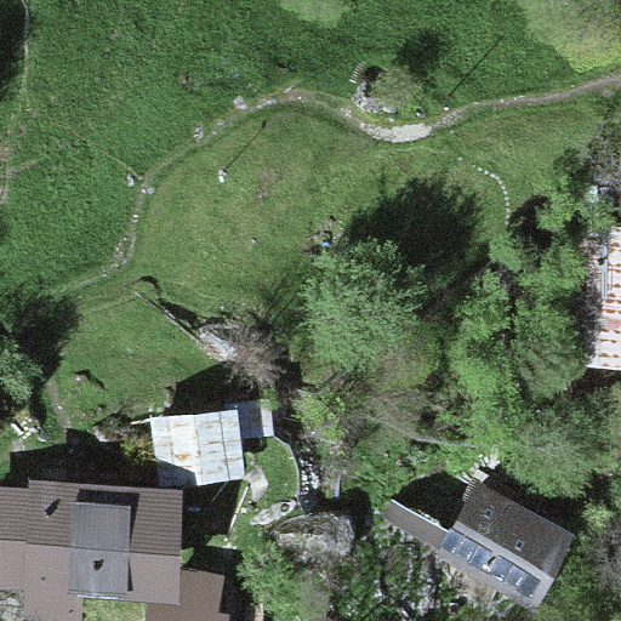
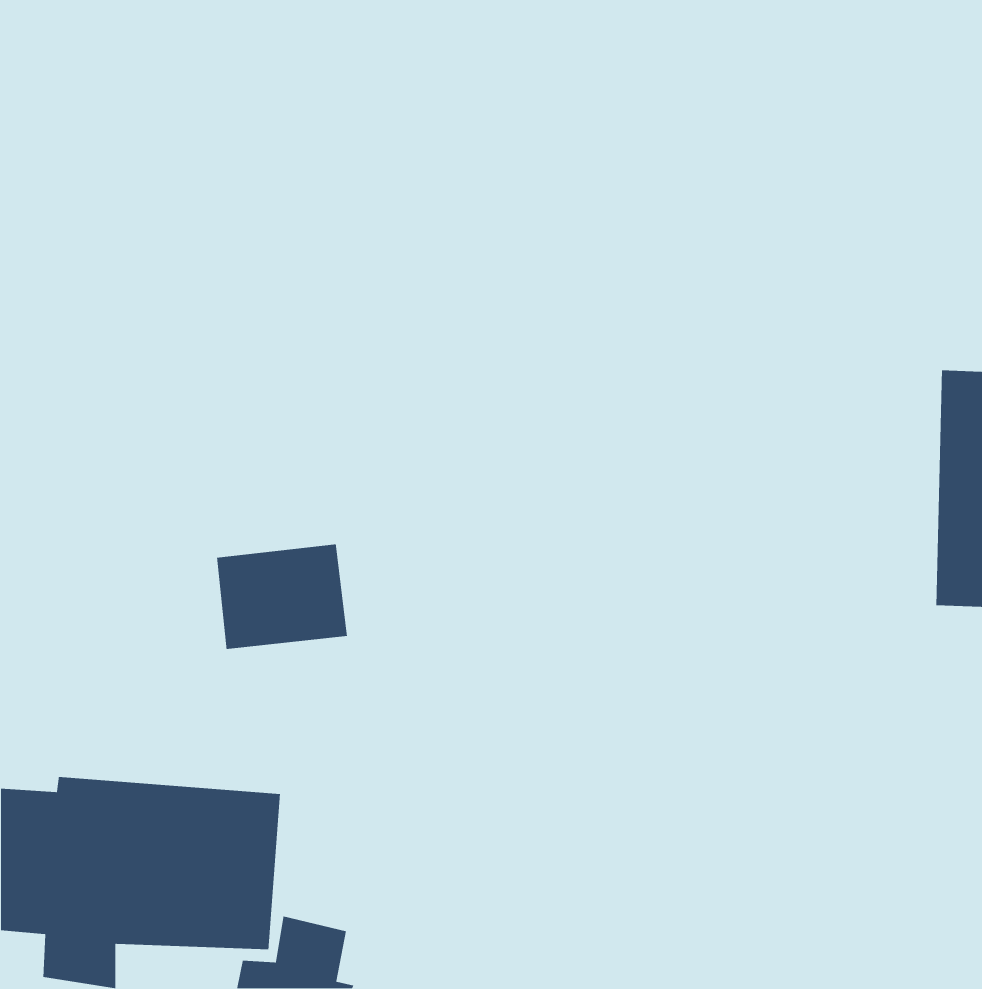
building: [163,415,245,482] -> [216,544,348,650]
building: [391,490,569,599] -> none

